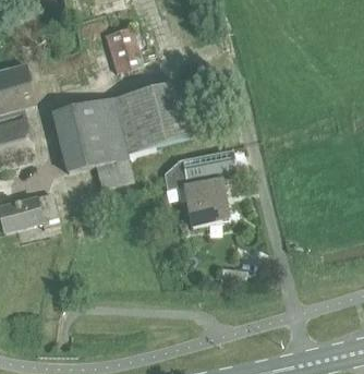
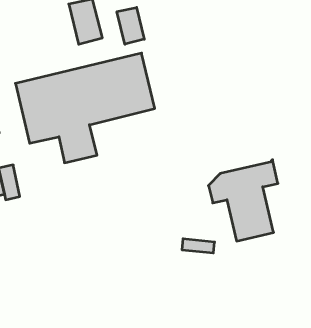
building: none -> [117,7,144,44]
building: [165,146,234,228] -> [208,160,278,241]

